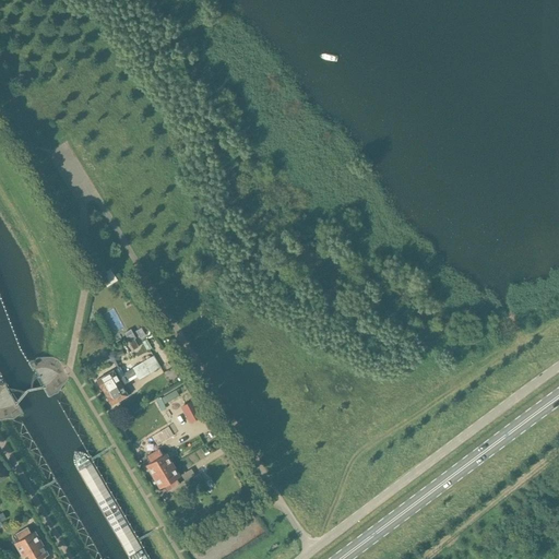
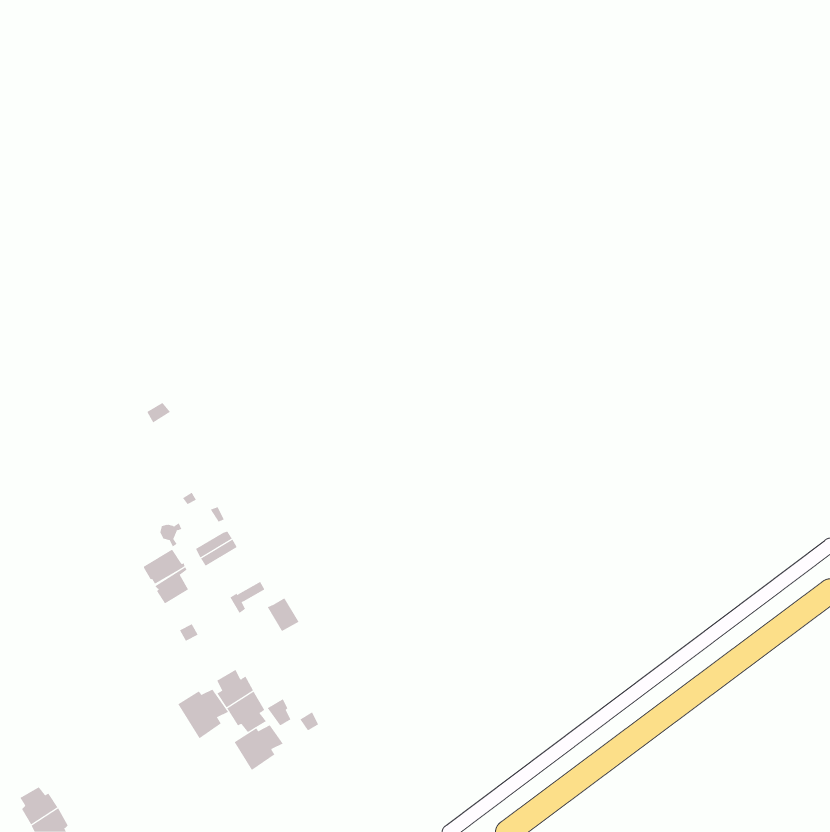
building: none -> [178,689,229,739]
building: none -> [234,725,283,771]

